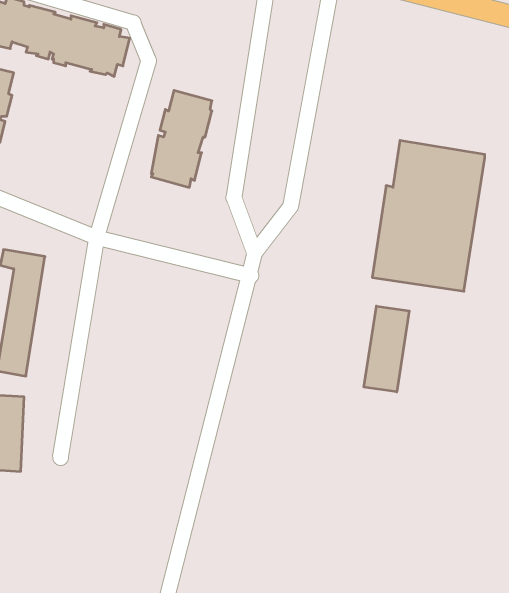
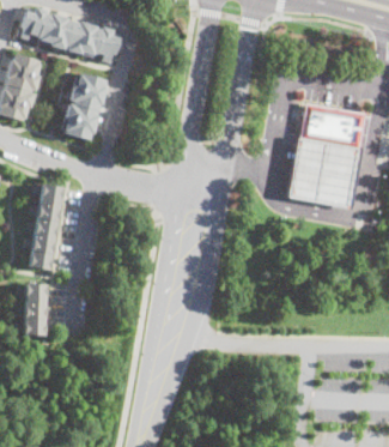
building: [151,90,212,187] -> [63,72,105,139]
building: [364,306,409,392] -> none

